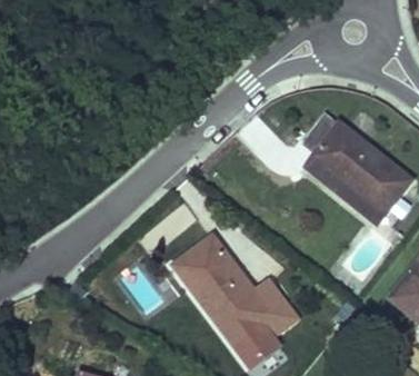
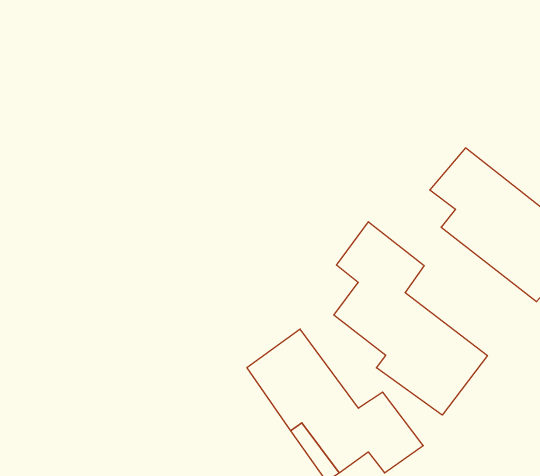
building: none -> [334,222,487,415]

